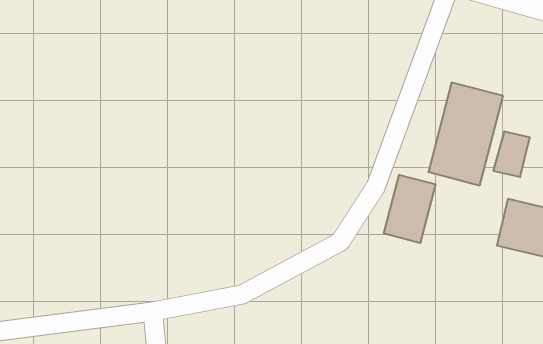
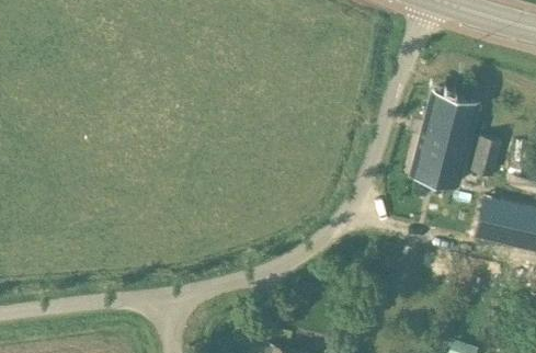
building: [384,175,436,243] -> none

